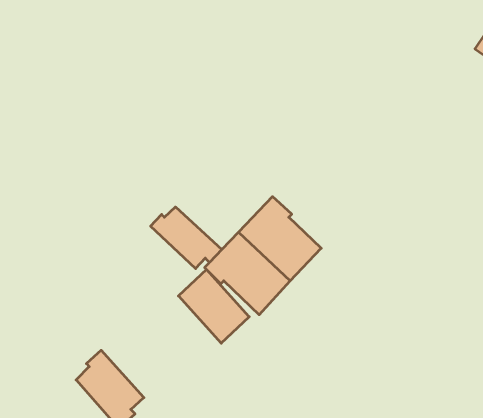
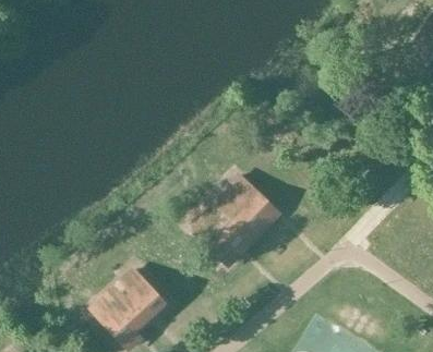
building: [151,207,222,269] -> none
building: [178,269,249,343] -> [115,267,167,321]

